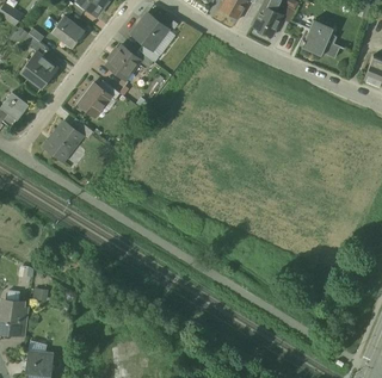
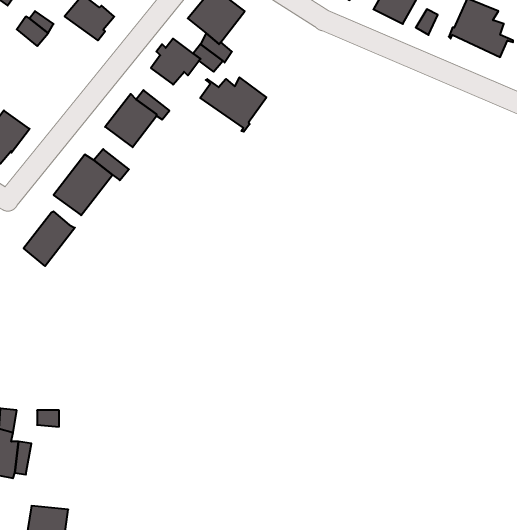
building: [20,51,58,87] -> none
building: none -> [200,77,266,132]
building: none -> [24,211,75,266]

